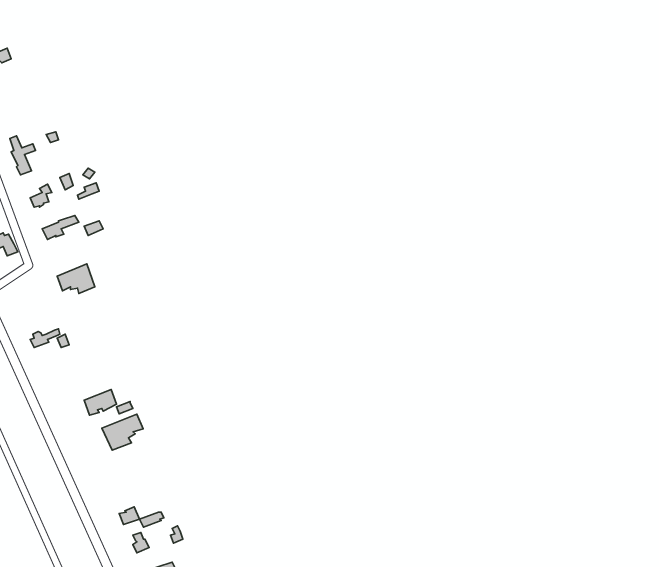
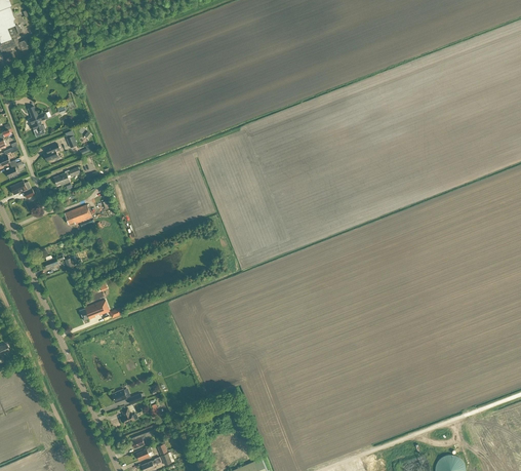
building: [102,414,143,450] -> none

